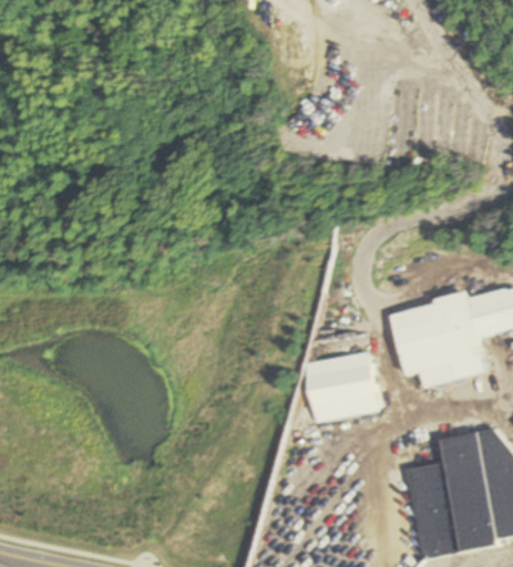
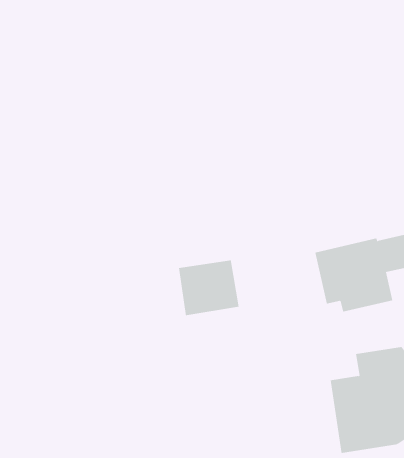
building: [304,353,379,422] -> [178,260,240,316]

